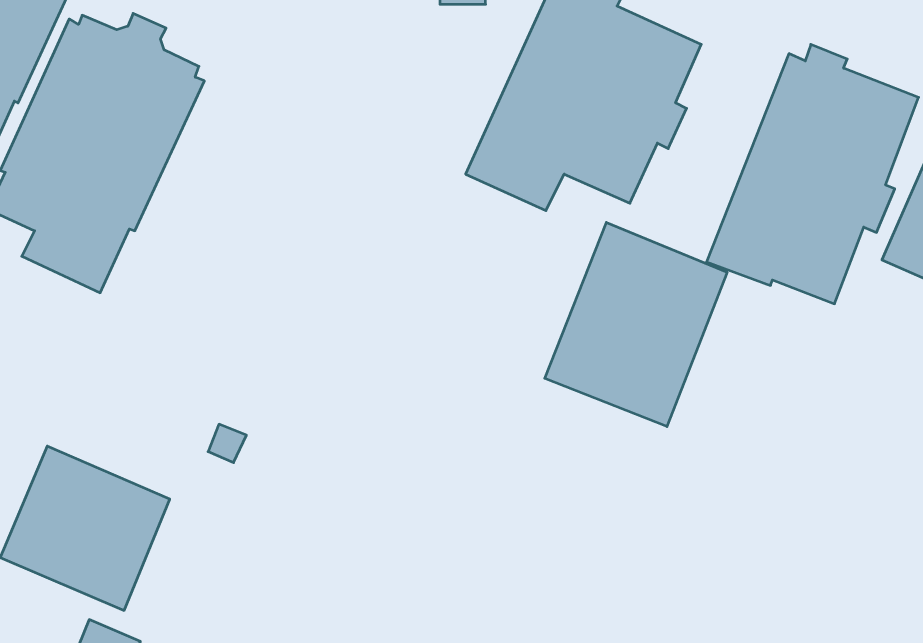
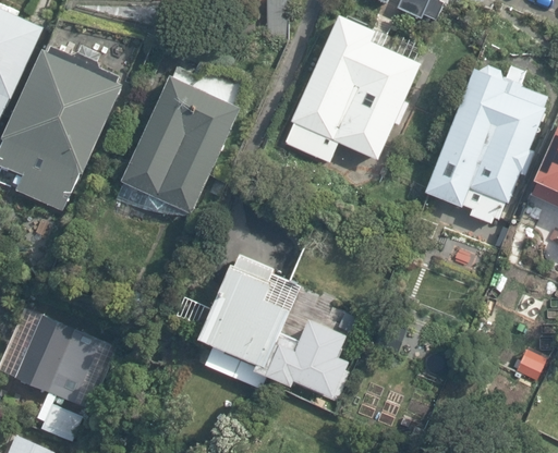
building: none -> [120,75,241,216]
building: [545,222,727,427] -> none
building: none -> [195,257,349,397]

